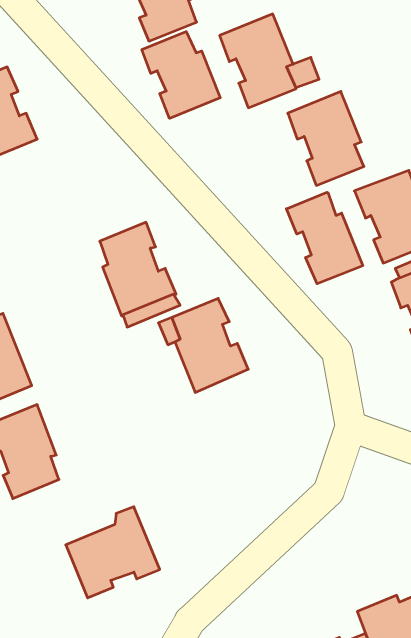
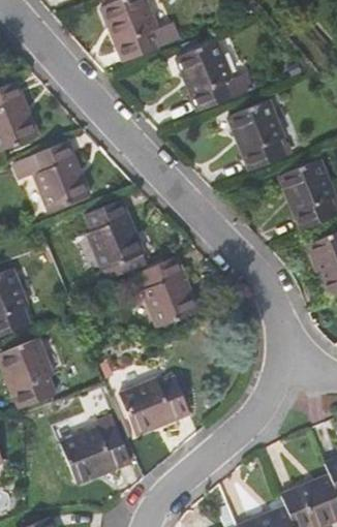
building: [142,32,220,118] -> none
building: none -> [32,141,90,211]
building: [286,192,363,284] -> none
building: none -> [119,376,190,435]

